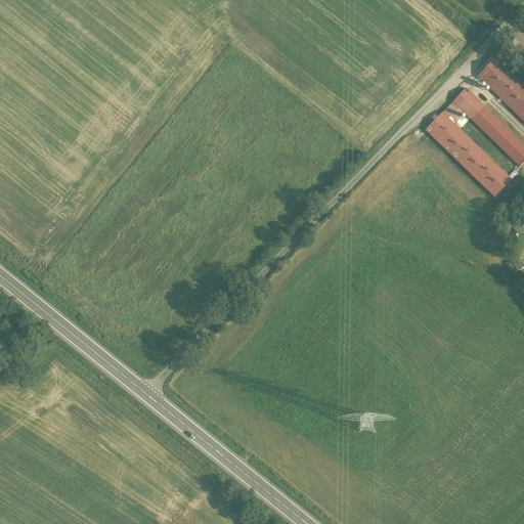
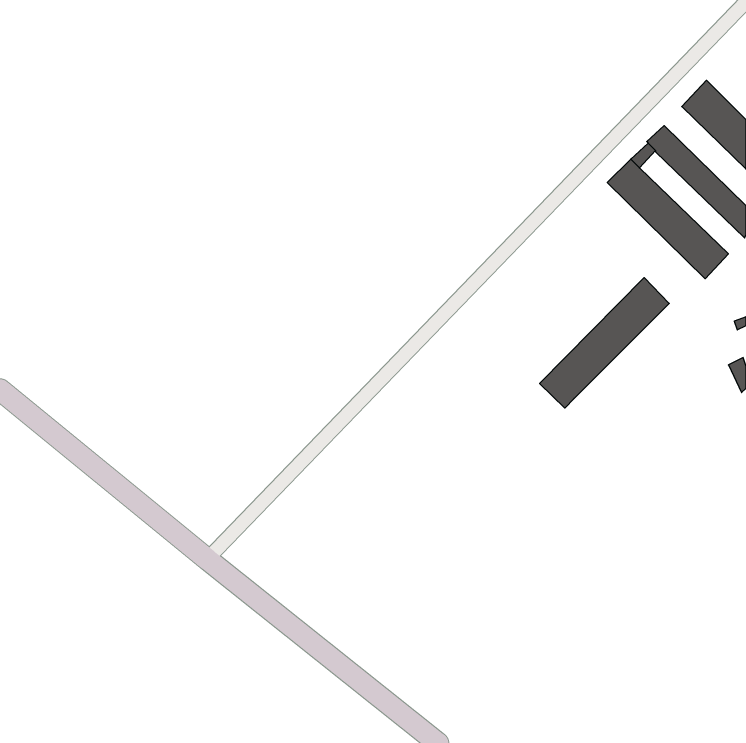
building: none -> [540,278,669,408]

